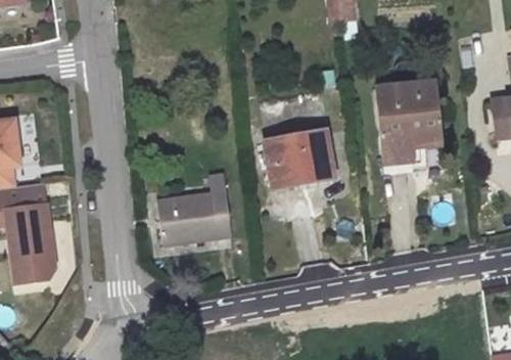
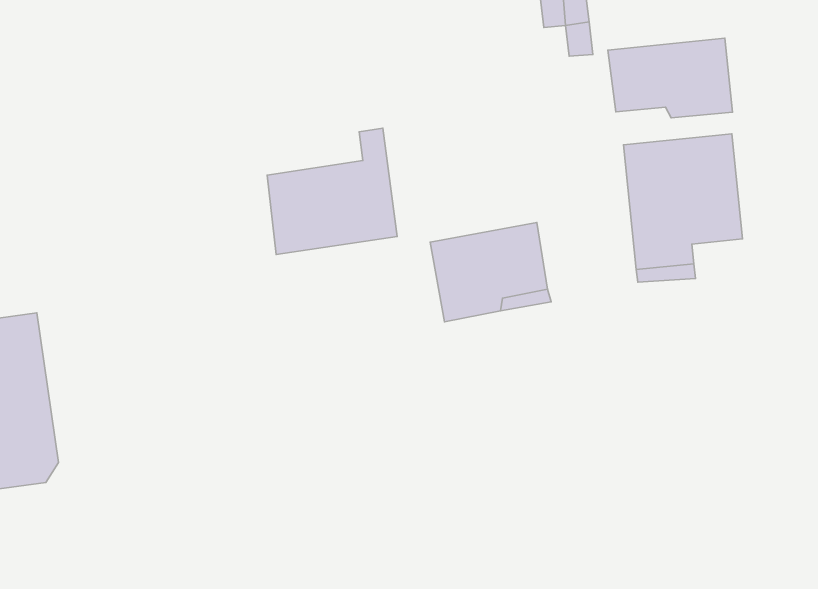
building: none -> [608,38,733,118]
building: [157,173,231,244] -> [267,128,397,255]

